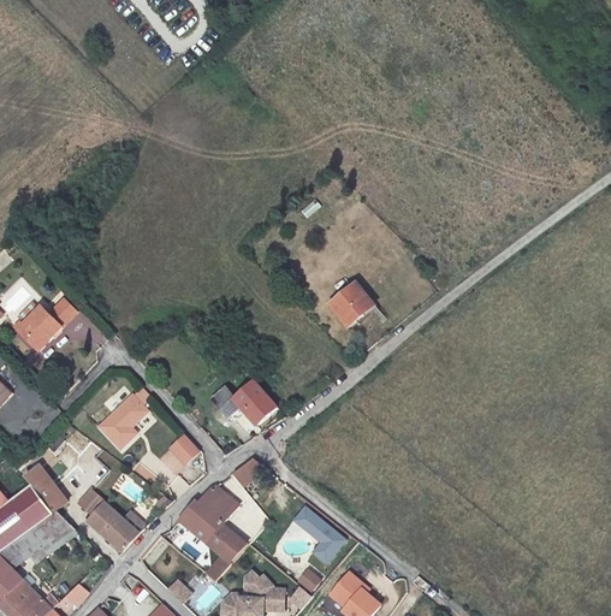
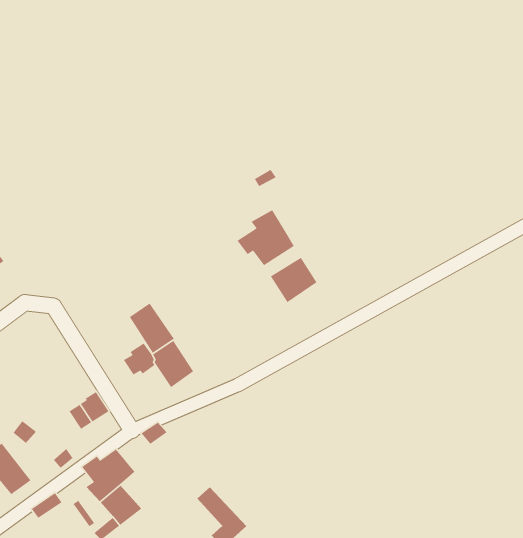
building: none -> [237,209,295,266]
building: none -> [129,302,175,354]
building: [100,398,147,451] -> none

